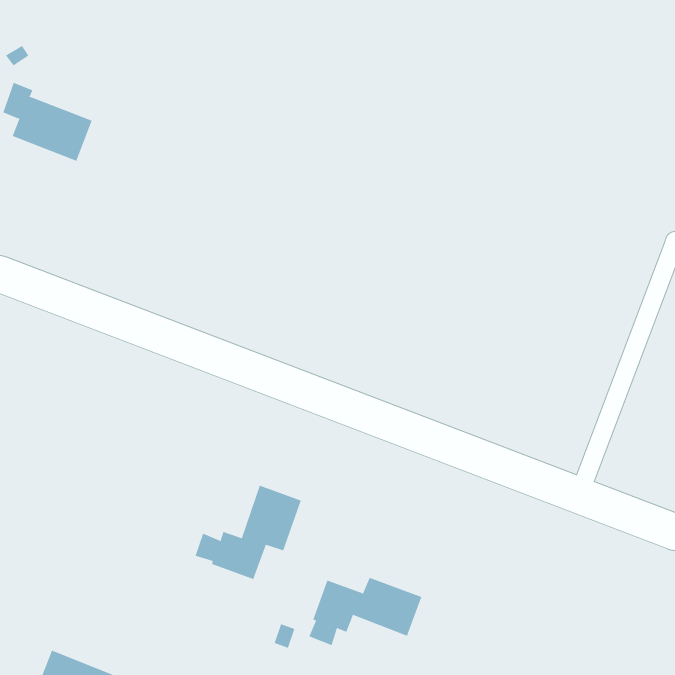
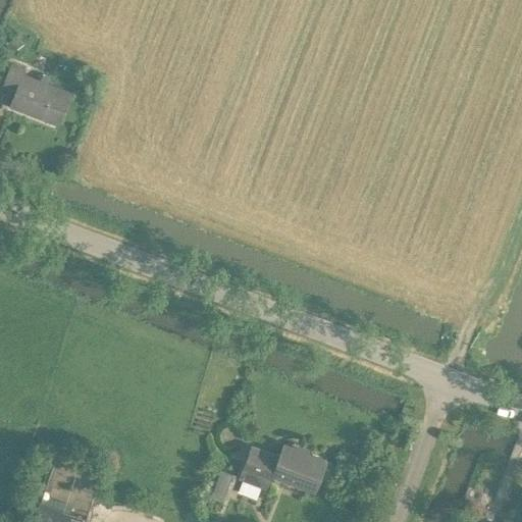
building: [195,485,302,580] -> none

